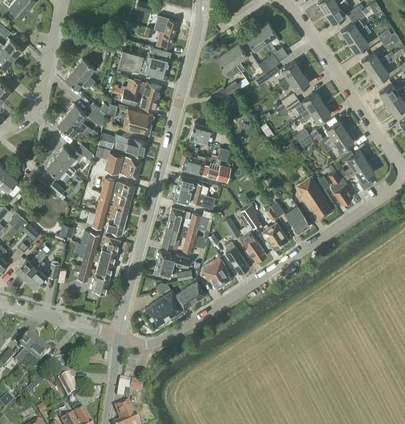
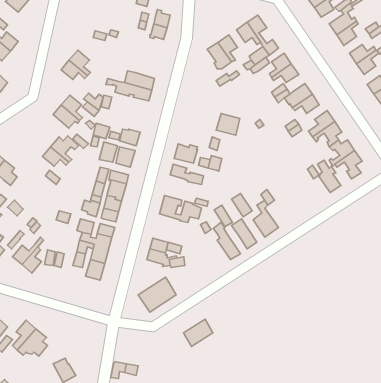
building: [117,47,169,79] -> none
building: [122,109,153,135] -> none
building: [189,123,213,145] -> [216,114,240,135]
building: [296,176,332,219] -> none
building: [173,186,210,207] -> none
building: [284,206,310,234] -> none
building: [161,226,207,253] -> none
building: [202,260,230,288] -> none
building: [175,281,205,309] -> [184,319,213,346]

